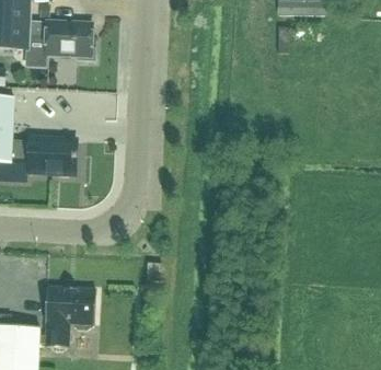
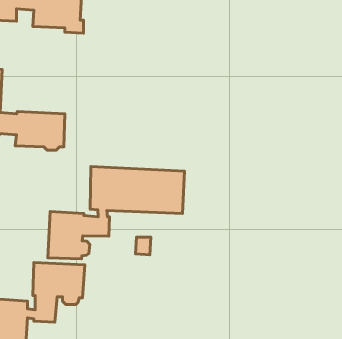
building: none -> [48,167,184,259]

